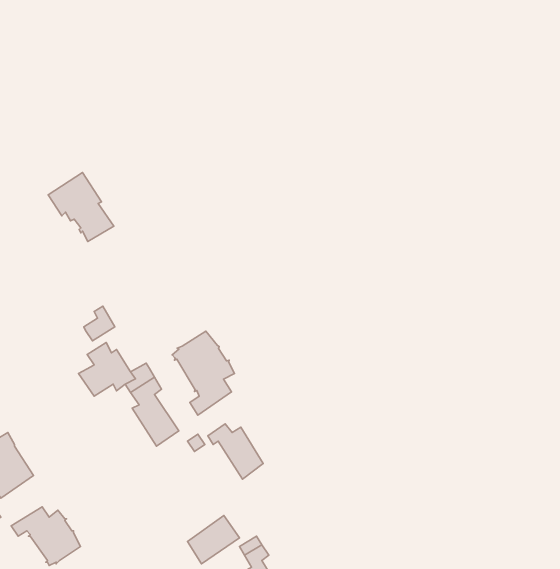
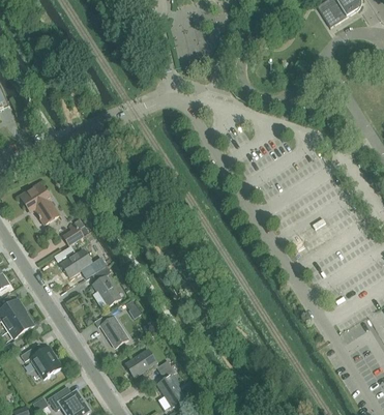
building: [48,172,114,242] -> [20,182,59,224]
building: [172,331,235,415] -> none
building: [208,424,263,479] -> [94,314,127,347]

